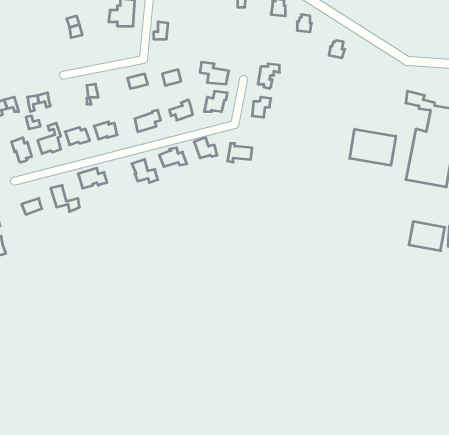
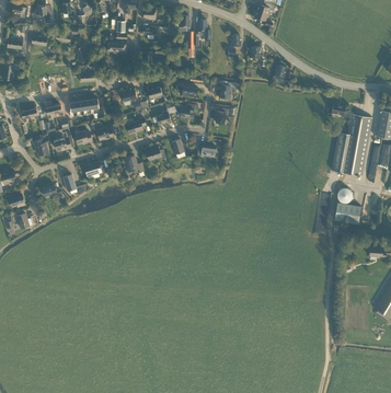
building: [350,129,396,165] -> none

